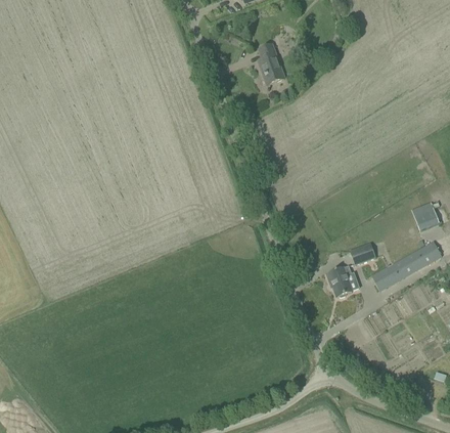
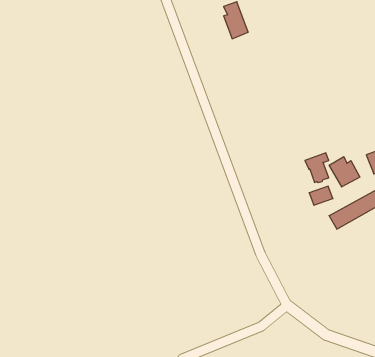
building: none -> [329,157,360,187]
building: [327,264,353,296] -> [305,153,329,182]

